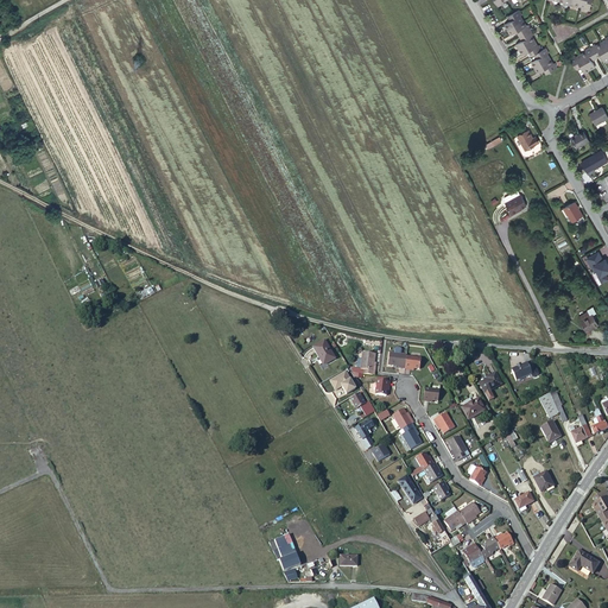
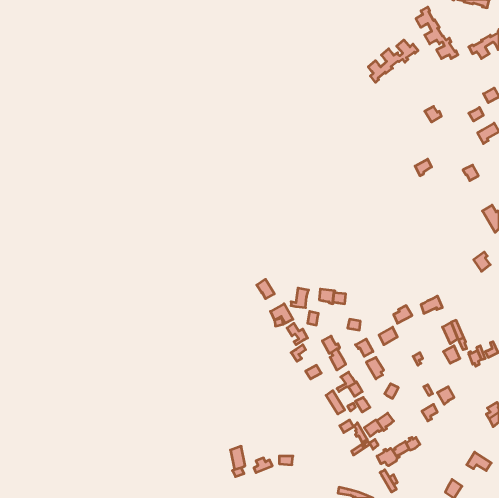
building: none -> [368,40,418,82]

